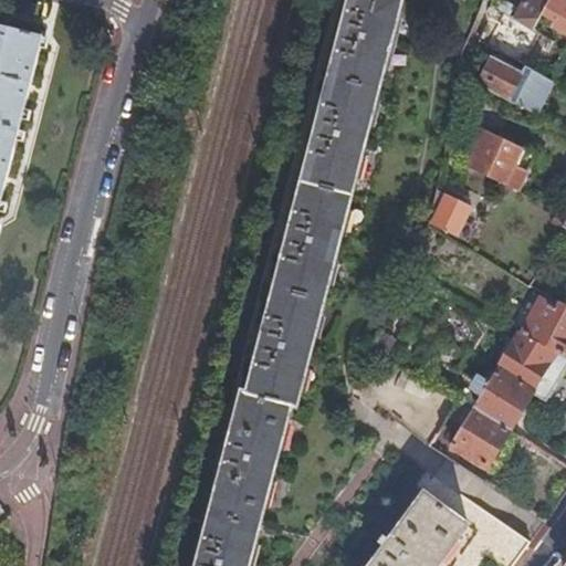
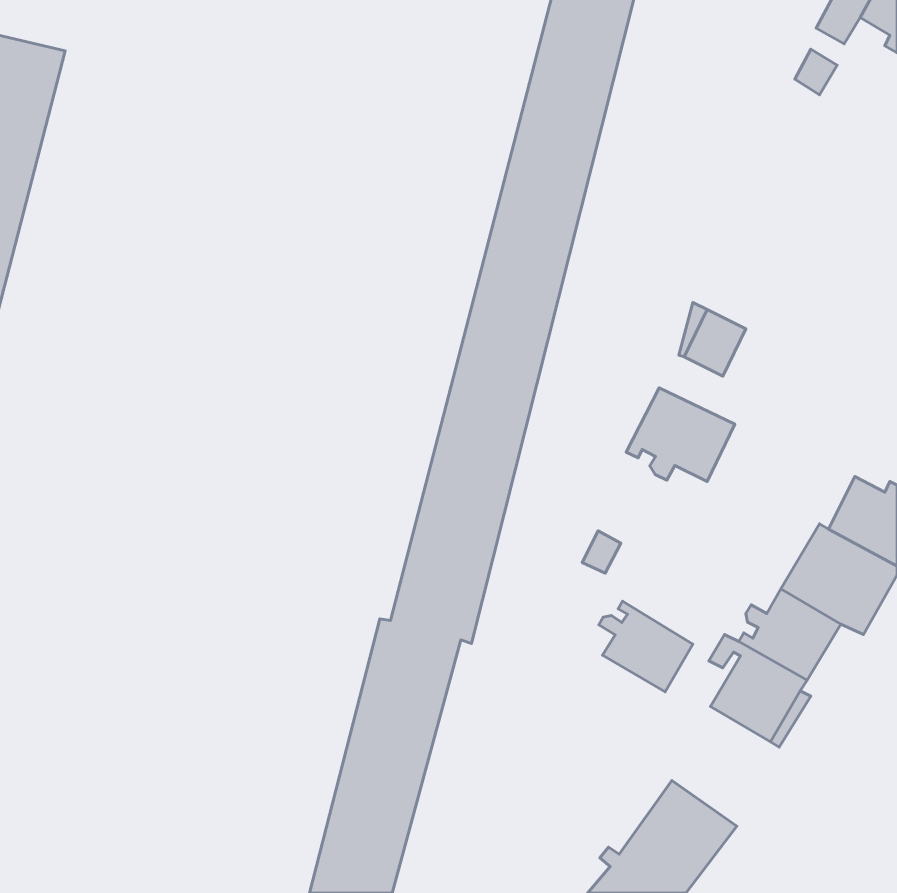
building: [475,56,552,115] -> none
building: [468,130,534,192] -> none
building: none -> [626,388,735,481]
building: none -> [599,601,693,692]

